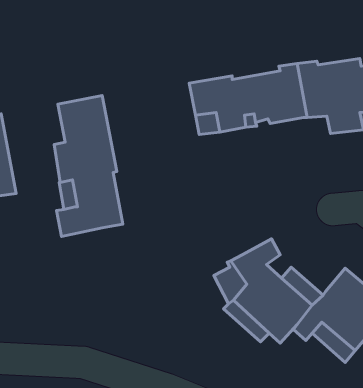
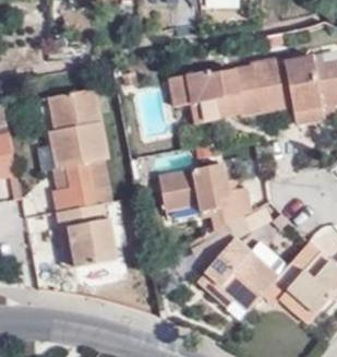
building: none -> [160,167,249,229]
building: none -> [55,204,115,269]

